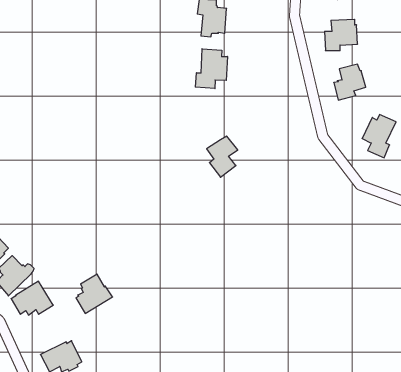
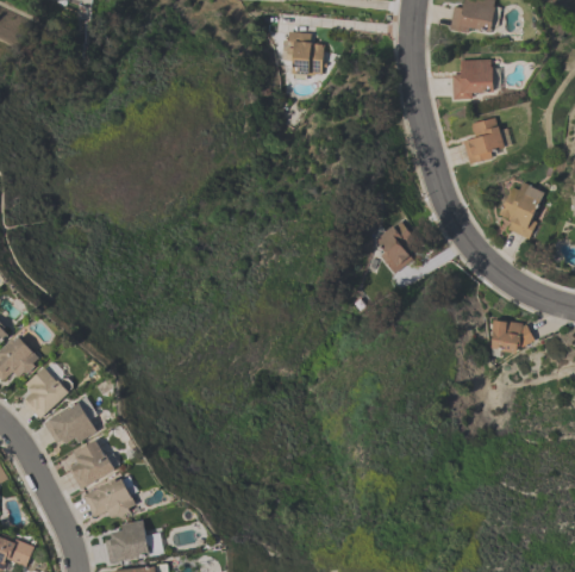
building: [195,49,227,89] -> none
building: [207,136,238,177] -> [375,222,415,275]
building: none -> [489,319,533,353]
building: [76,274,113,313] -> [69,437,117,489]

